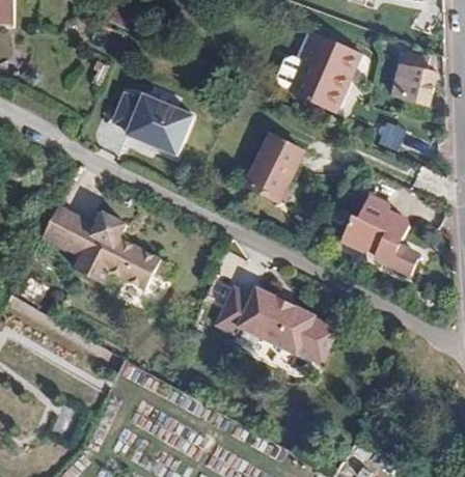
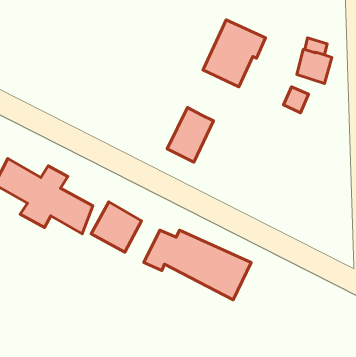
building: [115,90,197,153] -> none
building: [338,206,414,284] -> none
building: none -> [91,202,142,252]

